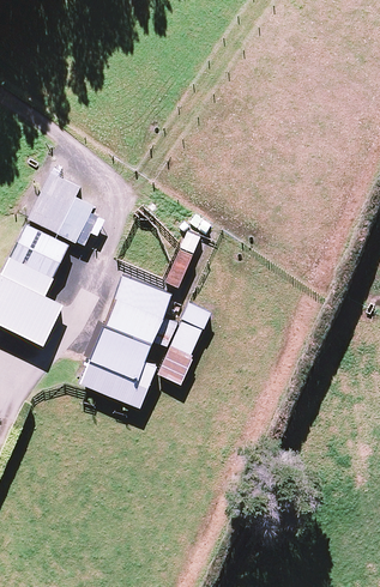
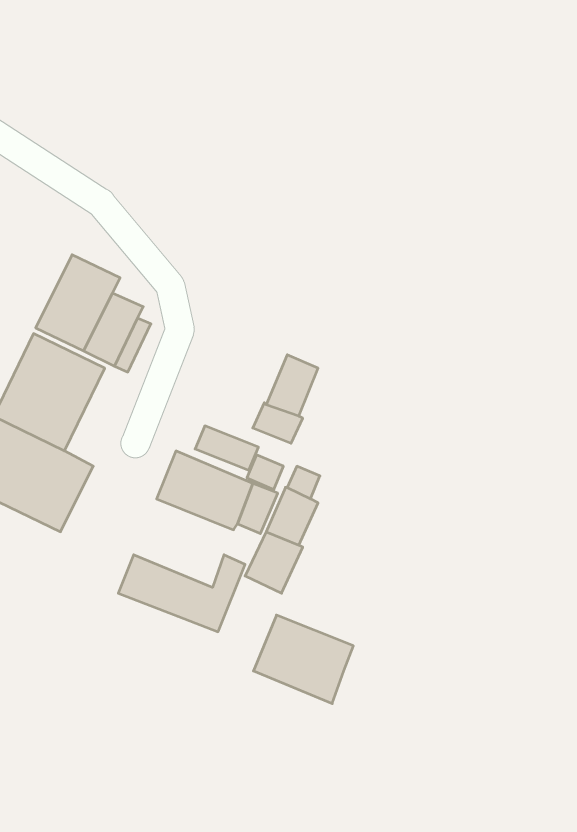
building: [88,325,150,380] -> [253,615,353,704]

